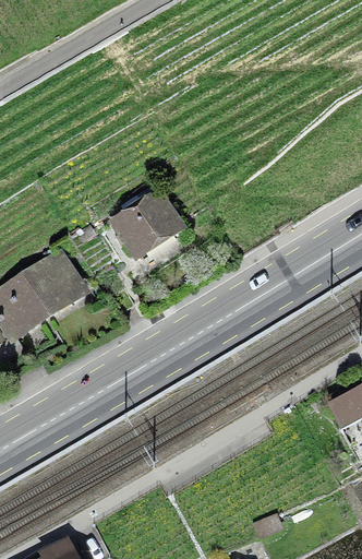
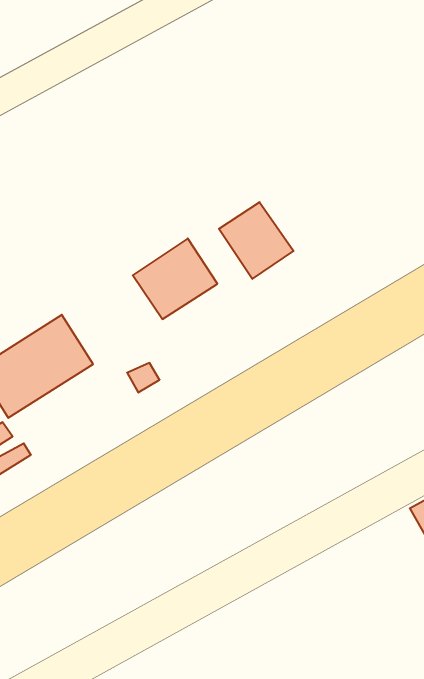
building: none -> [219,202,294,279]

